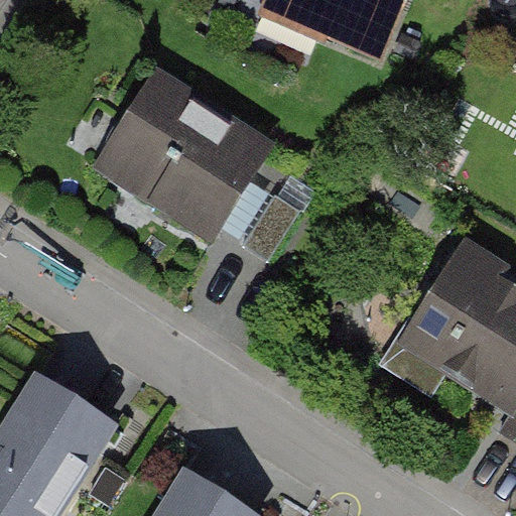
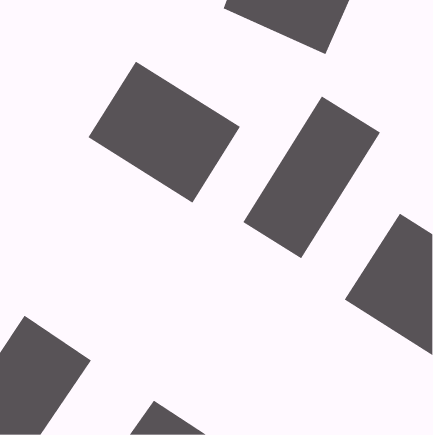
building: none -> [242,95,381,259]

